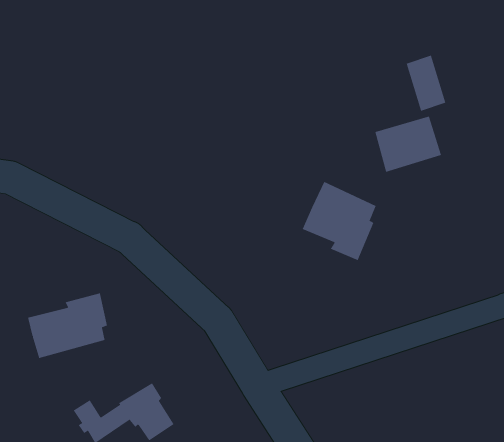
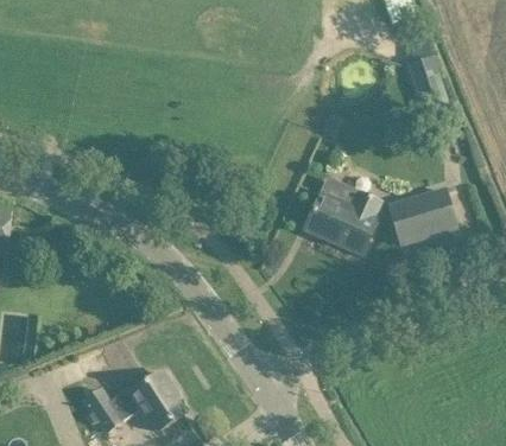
building: [375,116,442,172] -> [391,189,456,243]
building: [28,293,107,359] -> none

